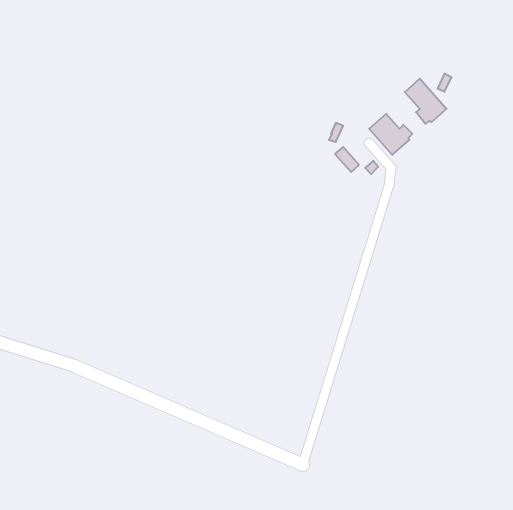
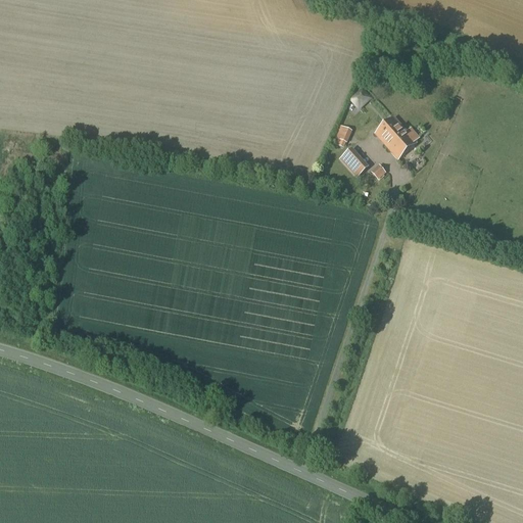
building: [405,79,447,124] -> none

